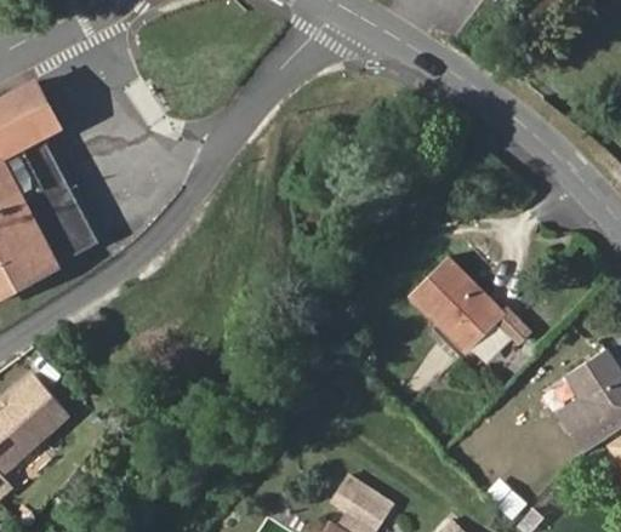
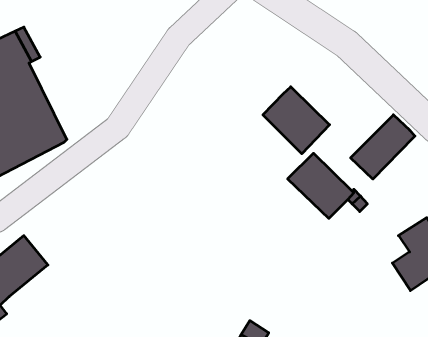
building: none -> [263,87,330,154]
building: none -> [351,115,415,179]

